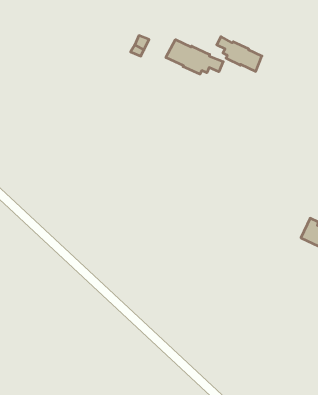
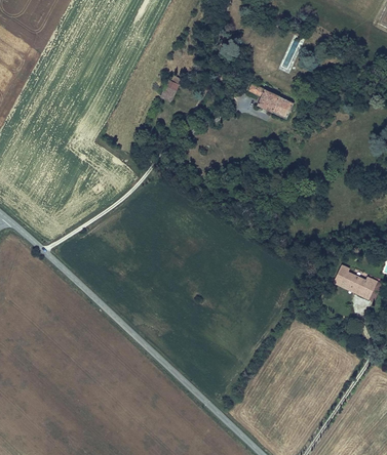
building: [166,40,223,74] -> none

